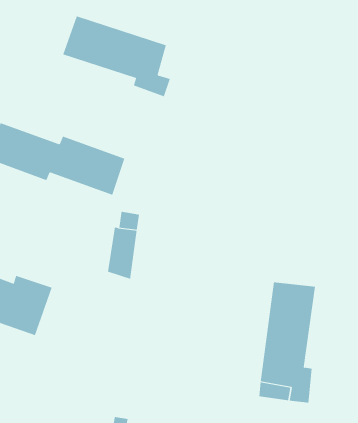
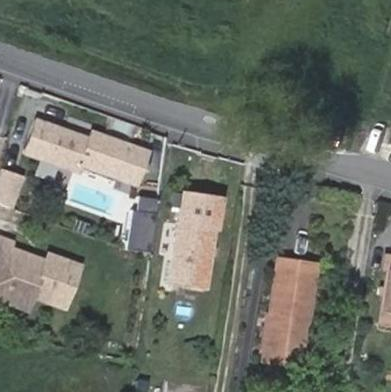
building: [62,16,171,97] -> none
building: none -> [166,194,216,290]

